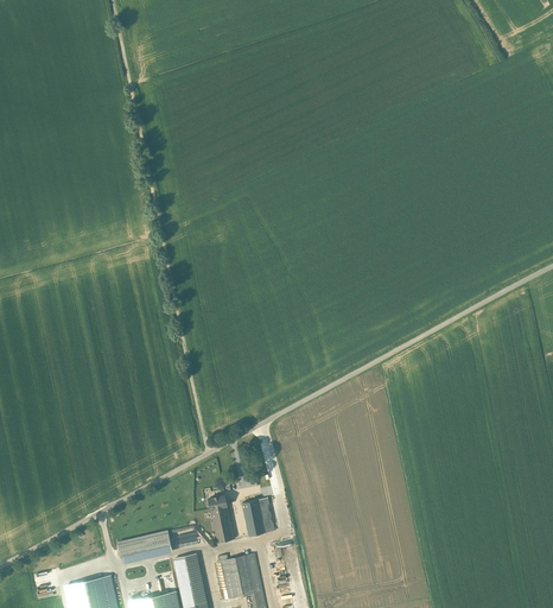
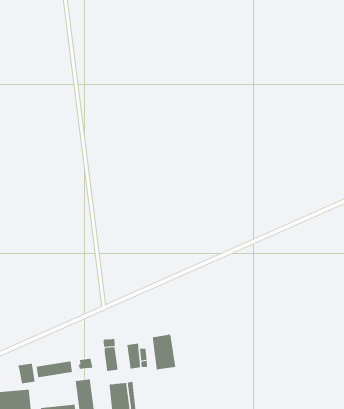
building: none -> [152,334,176,371]
building: none -> [18,363,35,384]

